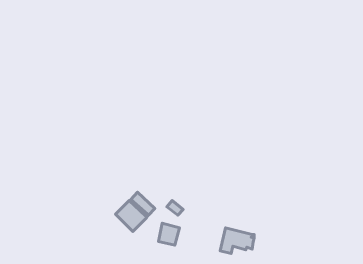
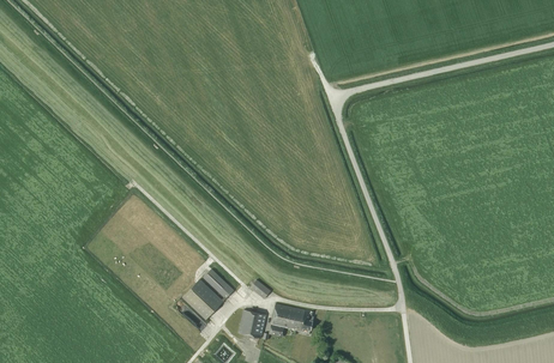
building: [220,228,254,254] -> [269,303,313,337]

